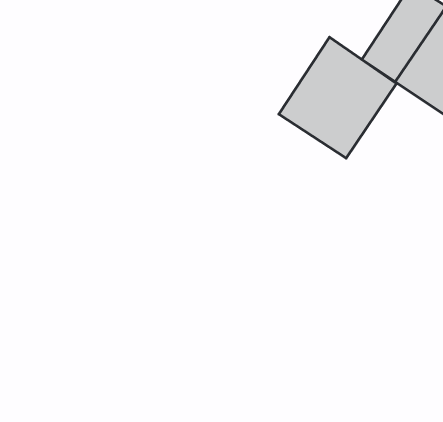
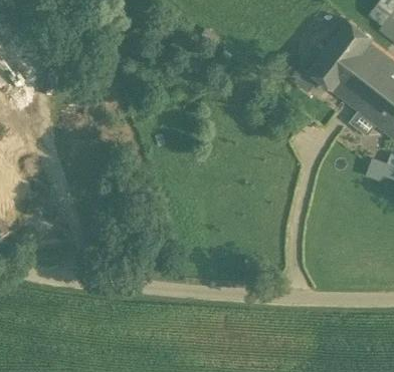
building: [279,37,397,158] -> none

